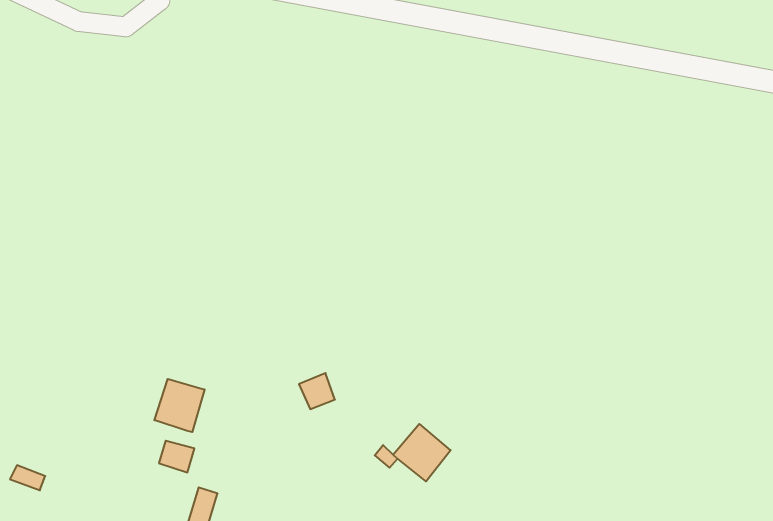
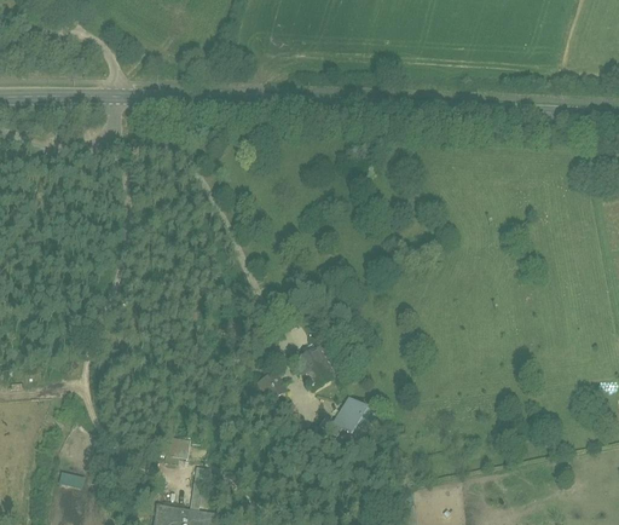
building: none -> [297,348,335,390]
building: [154,379,205,432] -> none

